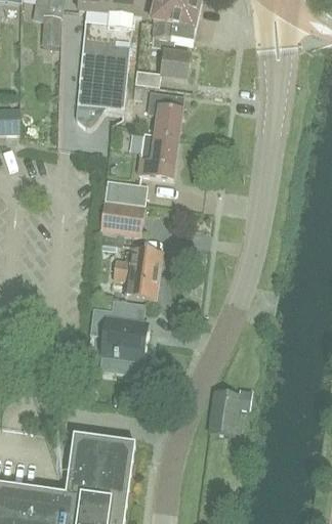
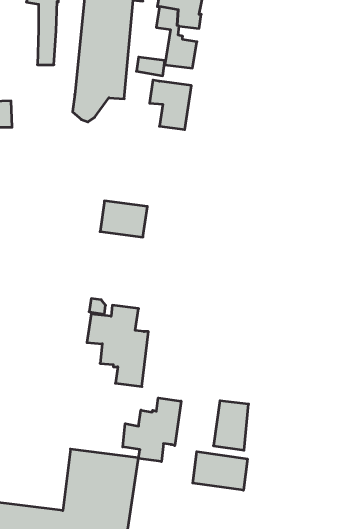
building: [137,133,179,178] -> none
building: [105,180,148,206] -> none
building: [114,249,162,300] -> none
building: none -> [123,398,181,462]
building: none -> [193,452,247,490]

